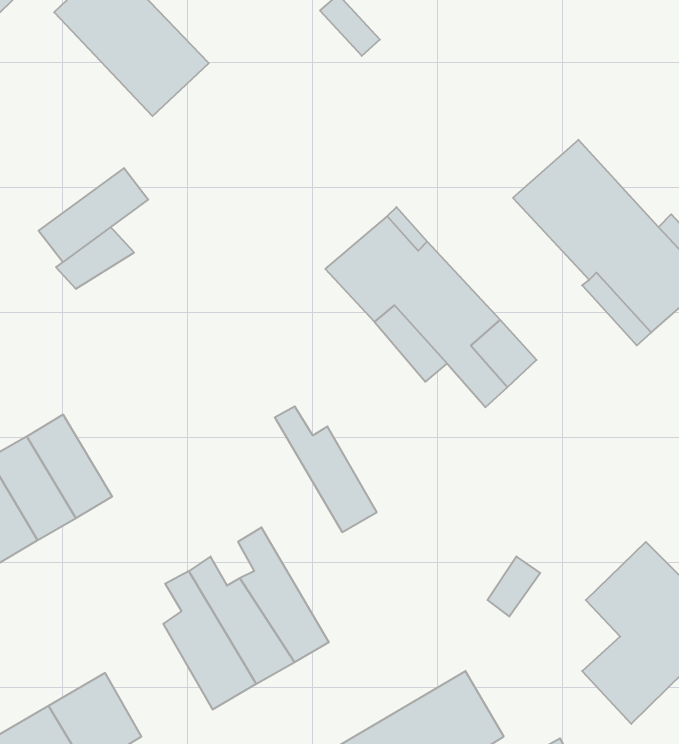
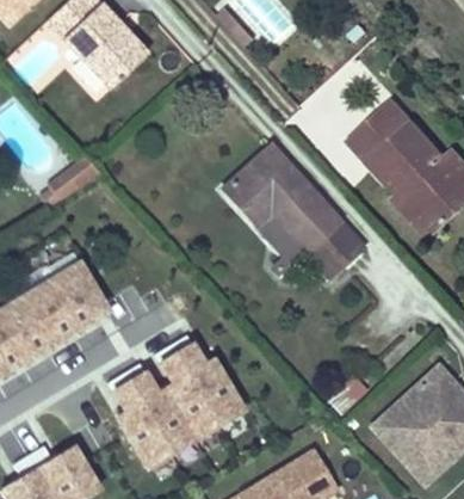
building: [39,168,148,262] -> none
building: none -> [51,261,115,333]
building: [275,406,377,532] -> [181,346,248,429]
building: none -> [369,401,416,448]

